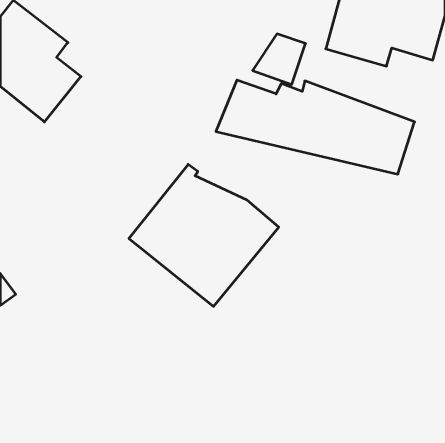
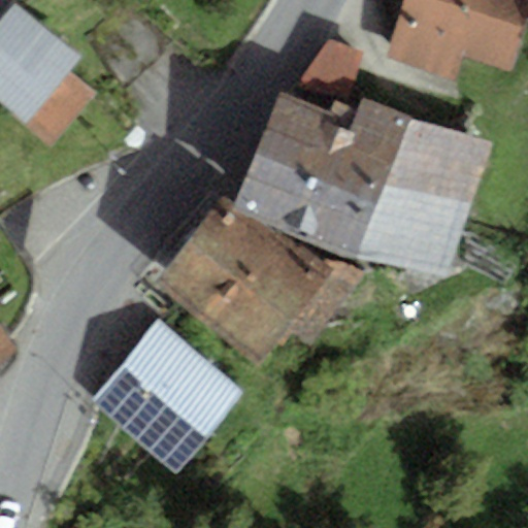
building: none -> [231,156,471,272]
building: none -> [89,319,244,473]

